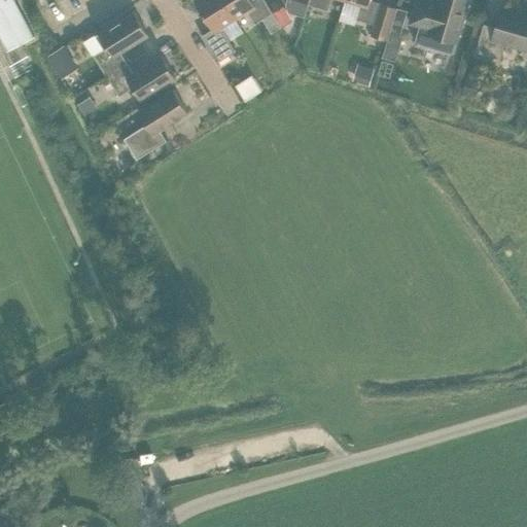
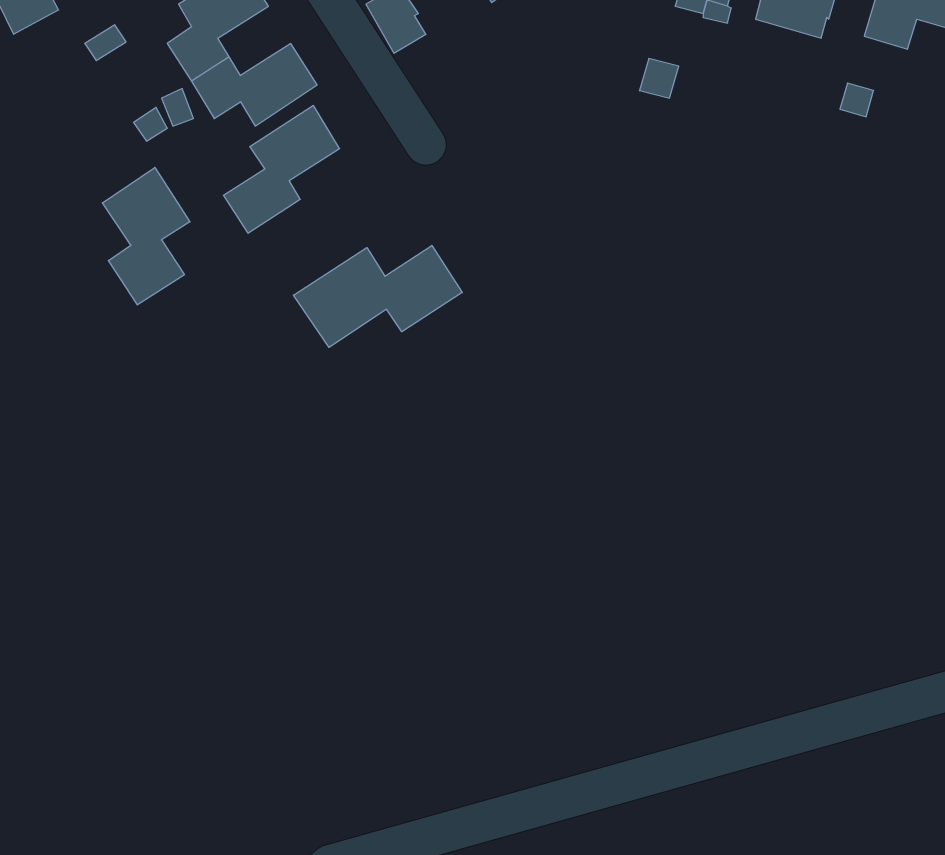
building: none -> [102,167,190,305]
building: none -> [293,245,462,347]

